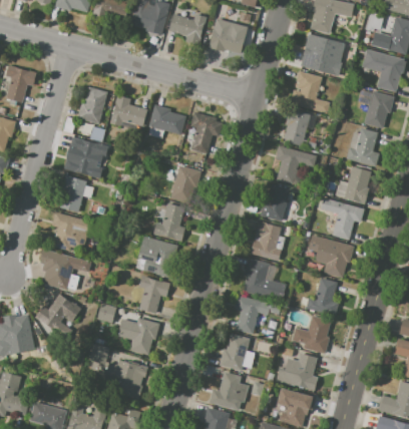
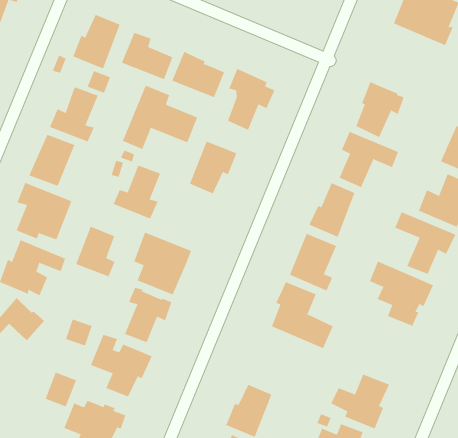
building: [291,71,330,113] -> none
building: none -> [122,85,198,150]
building: [153,203,185,241] -> [113,165,161,219]
building: none -> [75,226,115,277]
building: [306,278,339,317] -> none
building: [235,295,281,334] -> none

